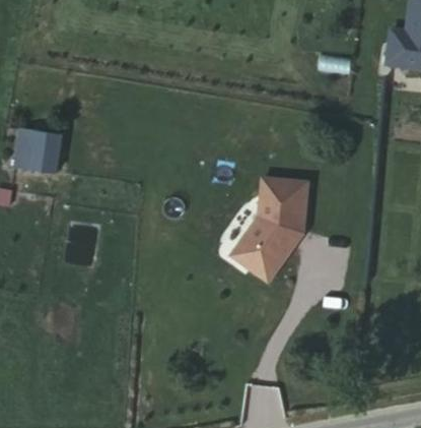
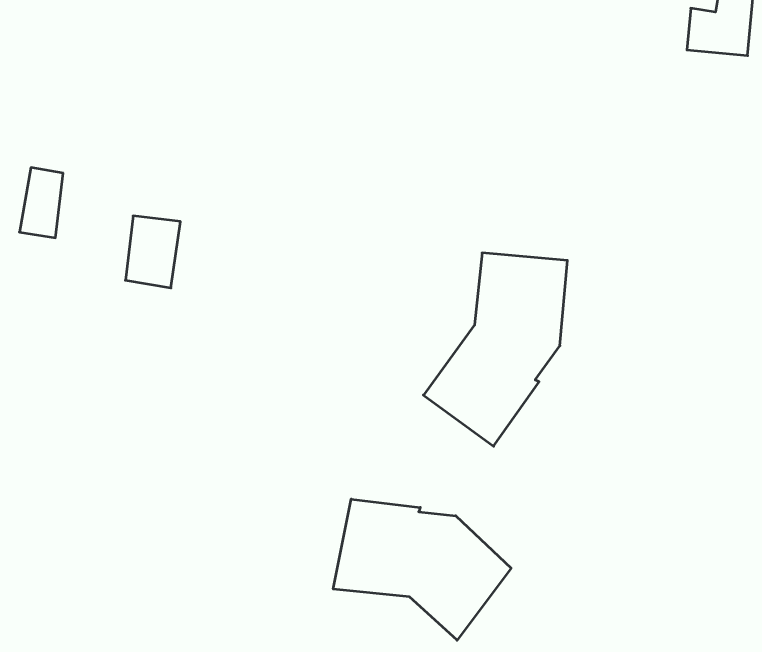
building: [33,133,63,172] -> [125,216,180,288]
building: none -> [333,499,511,640]

